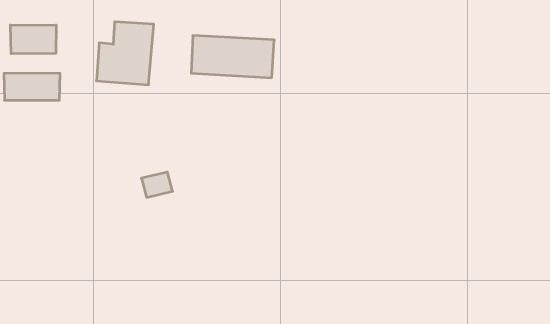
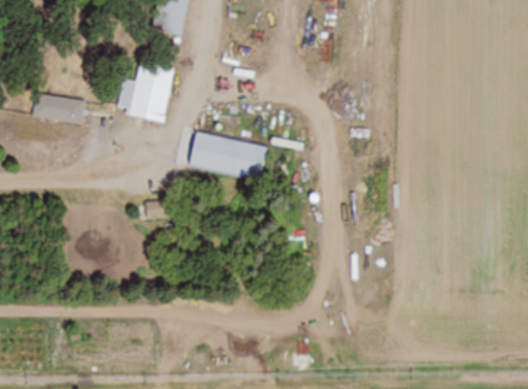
building: [10,25,56,54] -> none
building: [191,36,274,78] -> [189,132,266,180]

